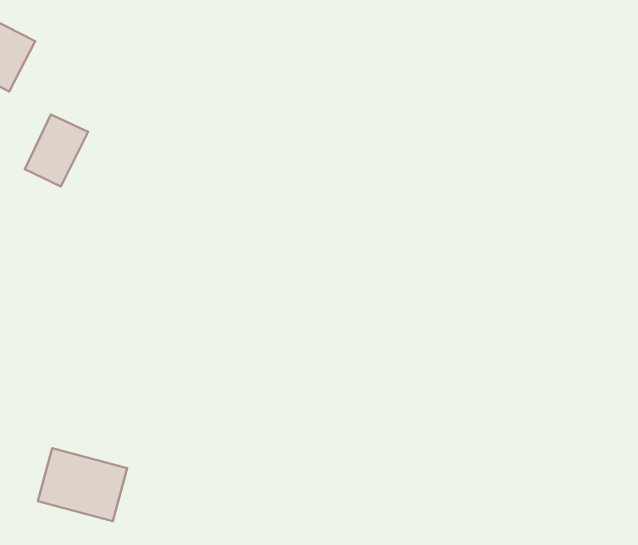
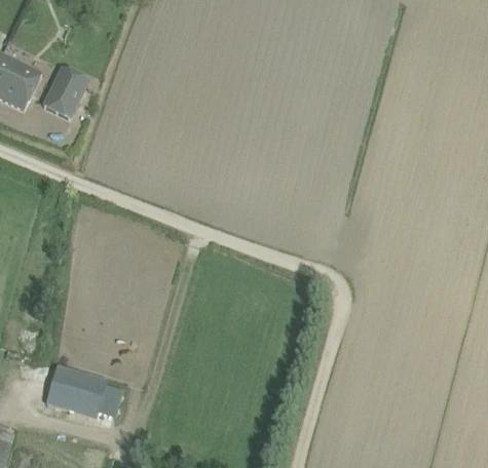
building: [25,115,88,186] -> [43,65,88,116]

